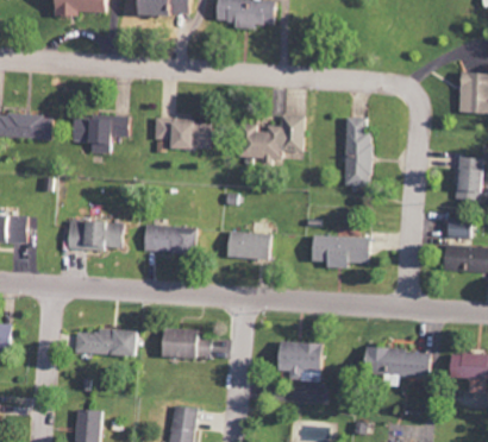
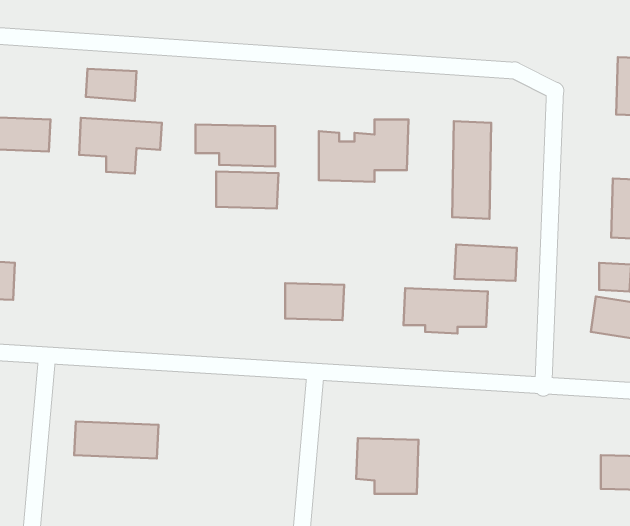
building: none -> [86,69,137,101]
building: none -> [455,244,517,281]
building: [75,221,132,251] -> none
building: [152,226,196,252] -> [216,171,279,209]
building: [159,327,212,358] -> none
building: [361,348,428,385] -> none

